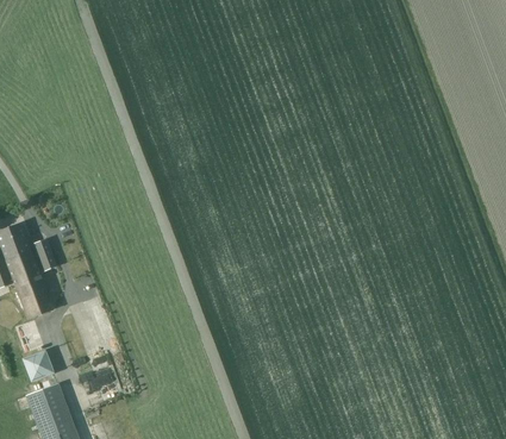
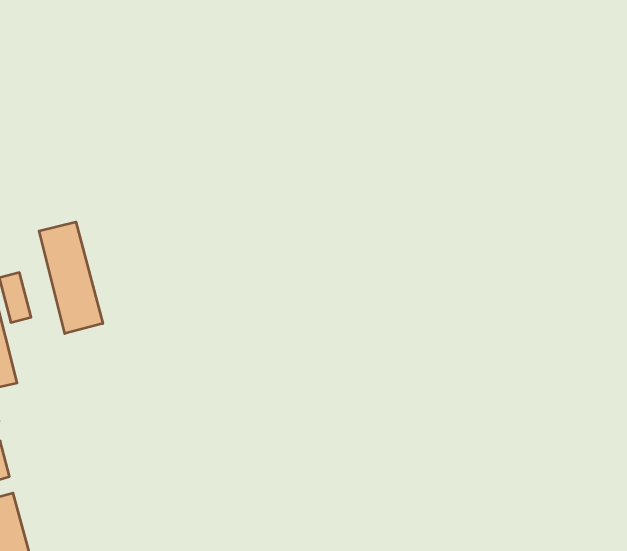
building: none -> [39,222,103,334]

